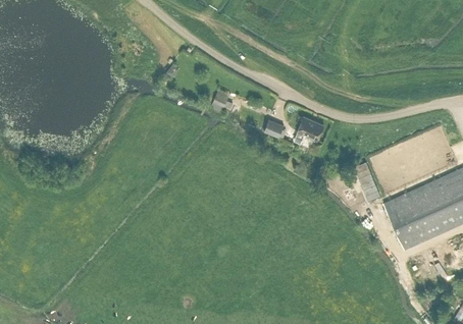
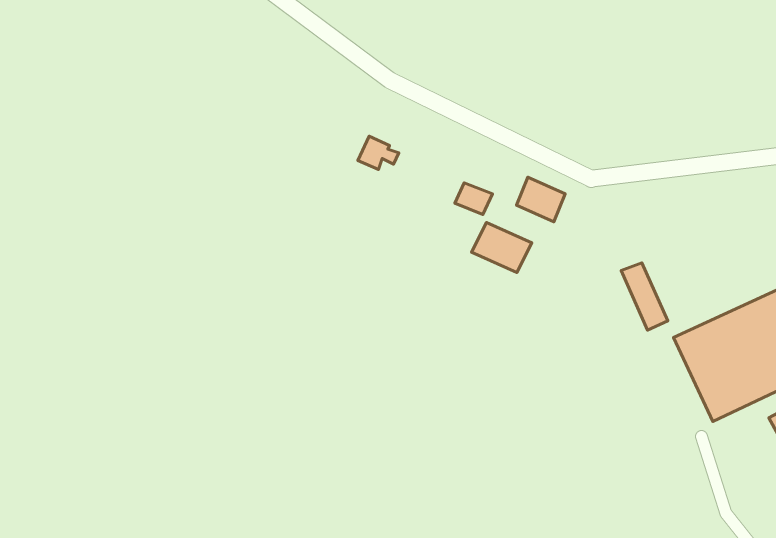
building: none -> [471,222,532,273]

